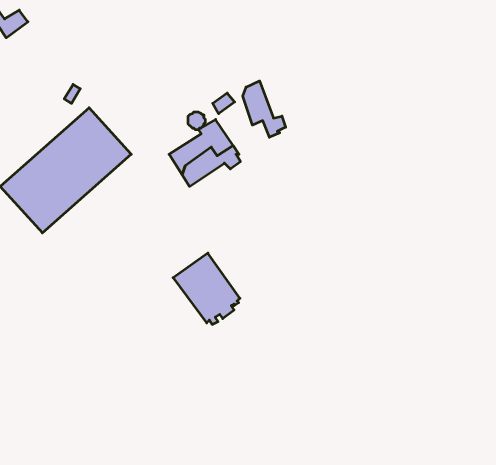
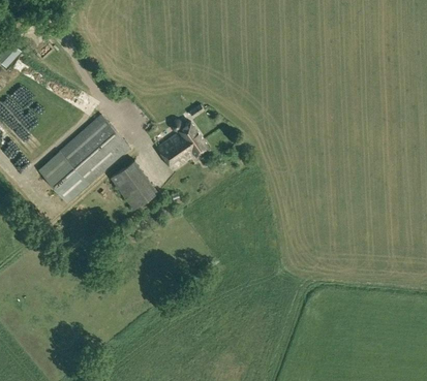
building: [243,81,286,137] -> none
building: [173,253,240,324] -> [110,159,157,210]

